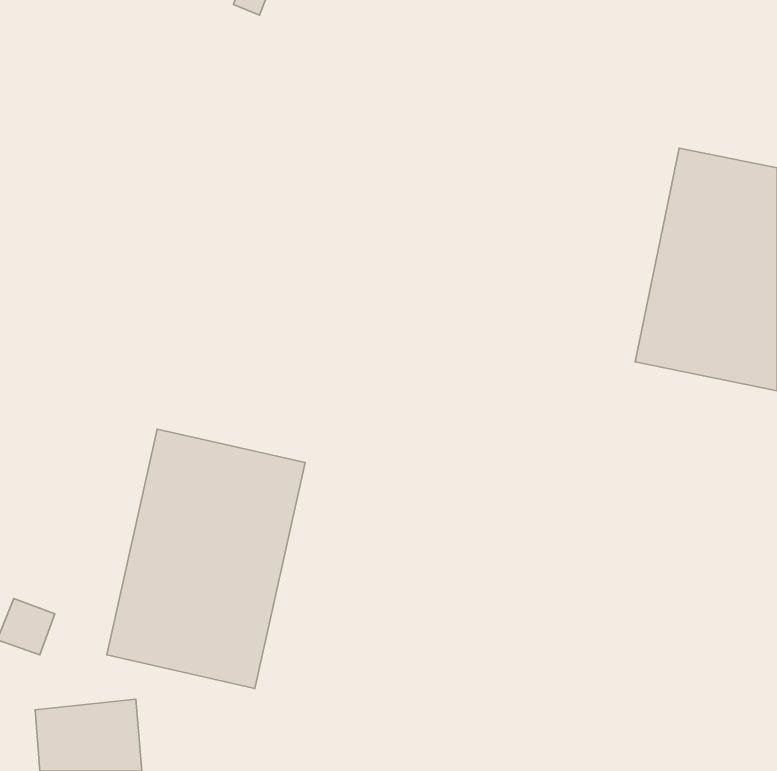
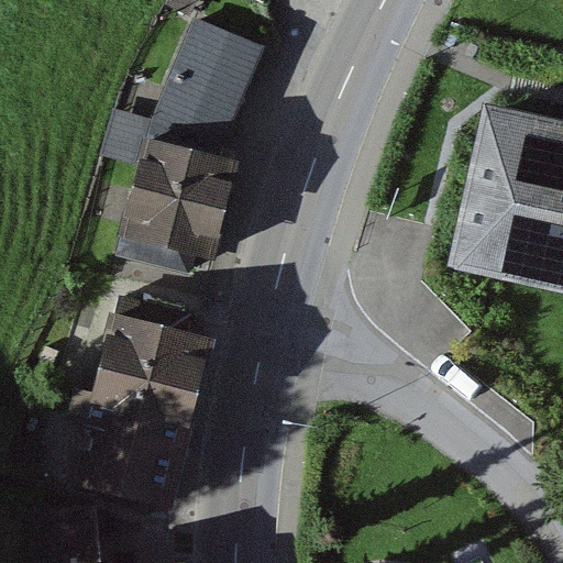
building: none -> [107,20,251,260]

